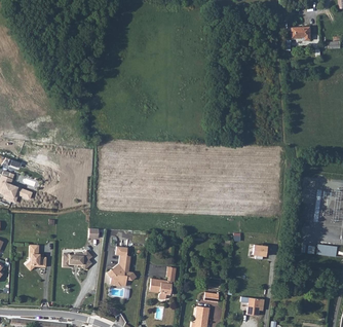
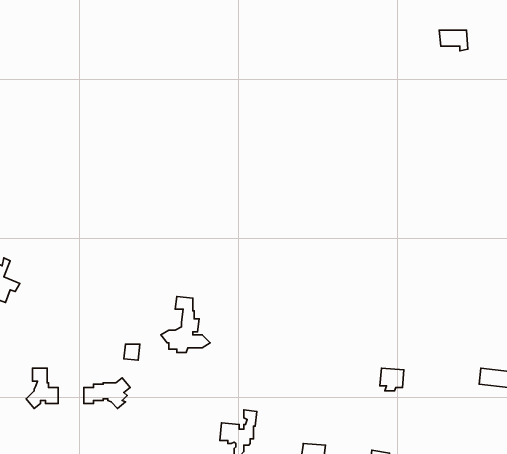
building: [106,247,138,283] -> [161,296,210,353]

